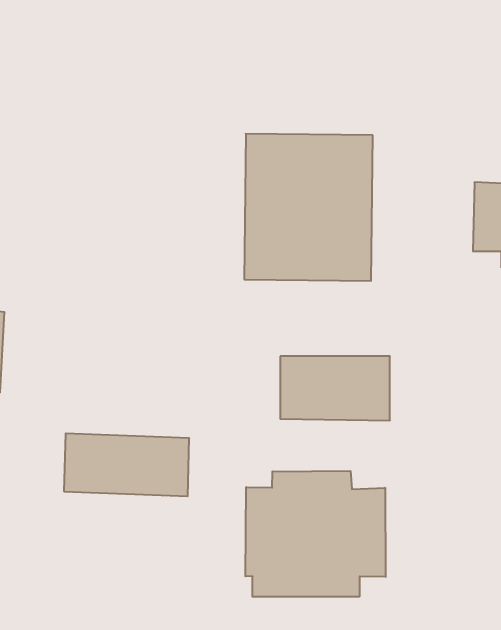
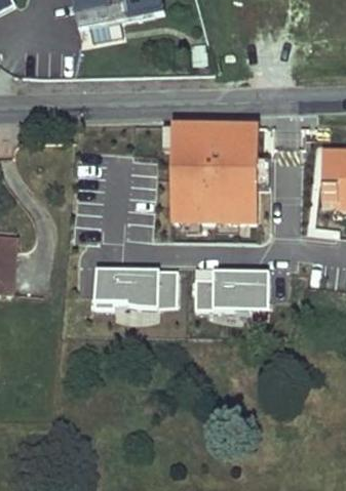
building: [64,433,189,496] -> [93,265,176,306]
building: [245,471,386,597] -> none

